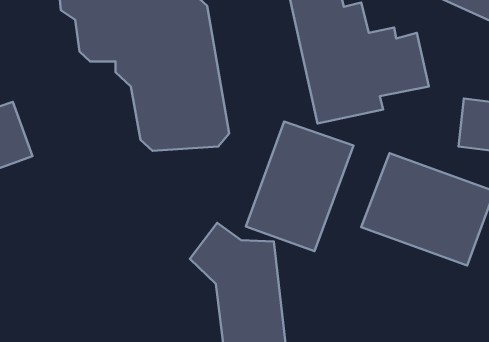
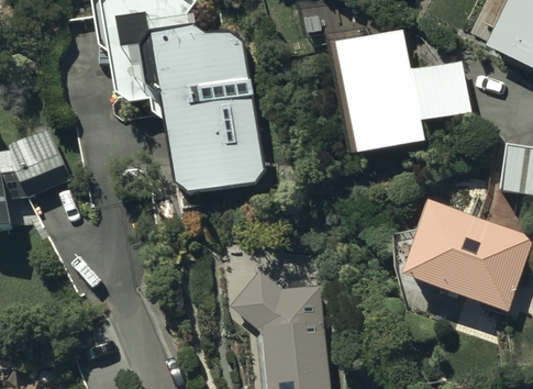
building: [246,121,354,251] -> none

